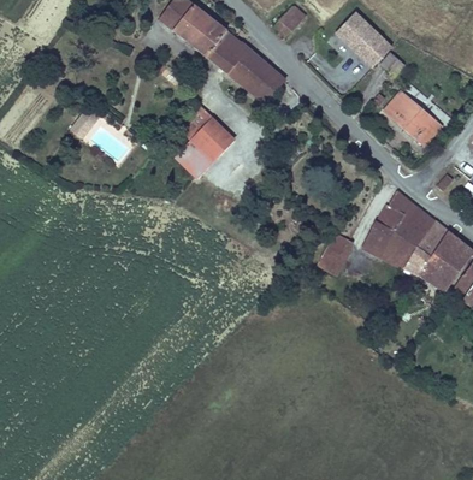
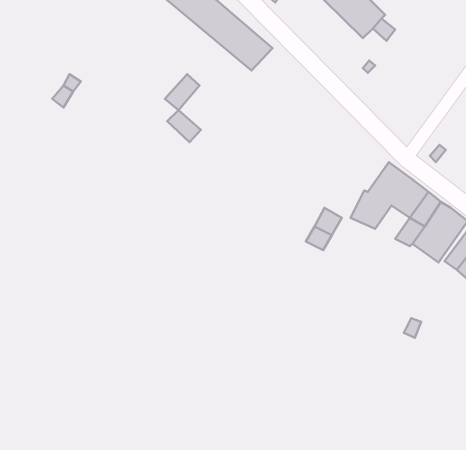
building: [382,89,439,143] -> none
building: [193,118,235,161] -> none
building: [384,235,418,267] -> none

